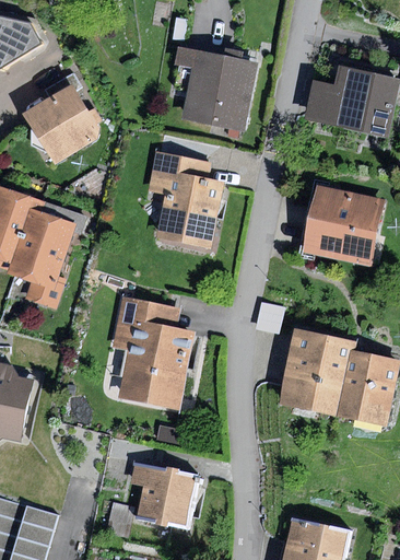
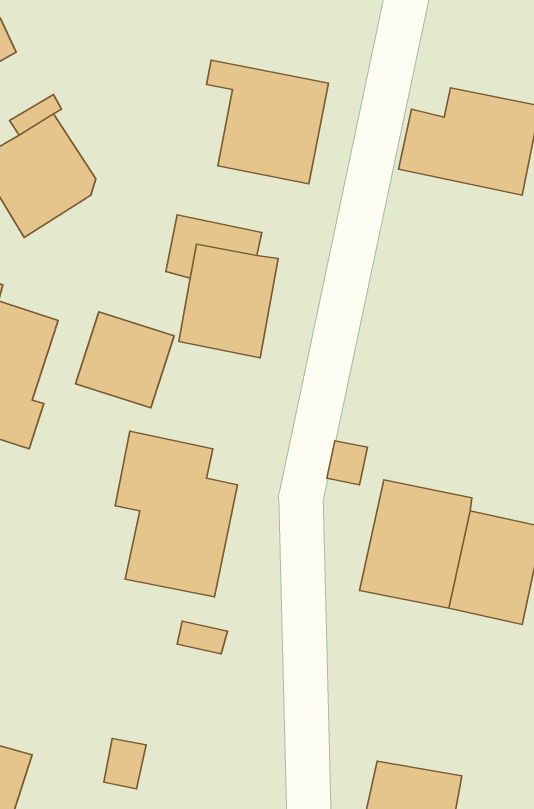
building: [301,184,383,265] -> none
building: none -> [76,312,174,408]
building: [130,463,196,525] -> none

